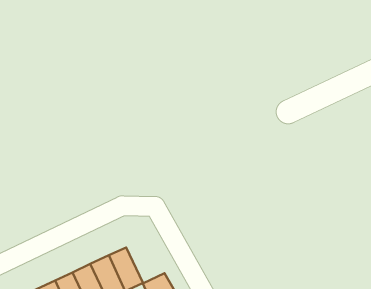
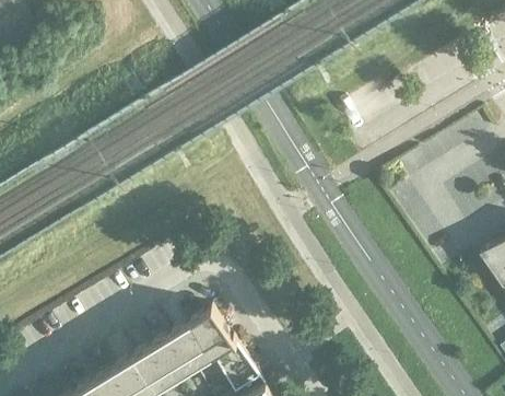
building: none -> [192,314,238,364]

